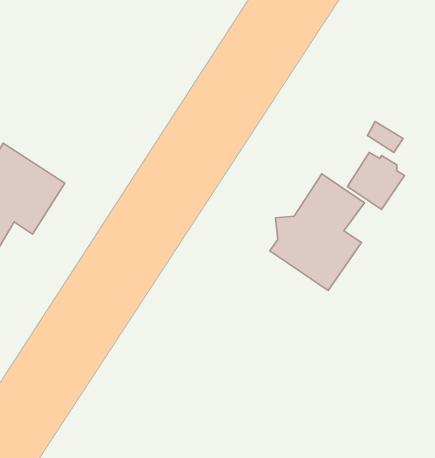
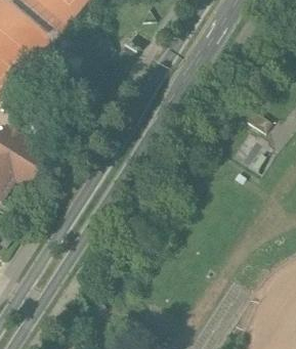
building: [270,174,364,291] -> none

